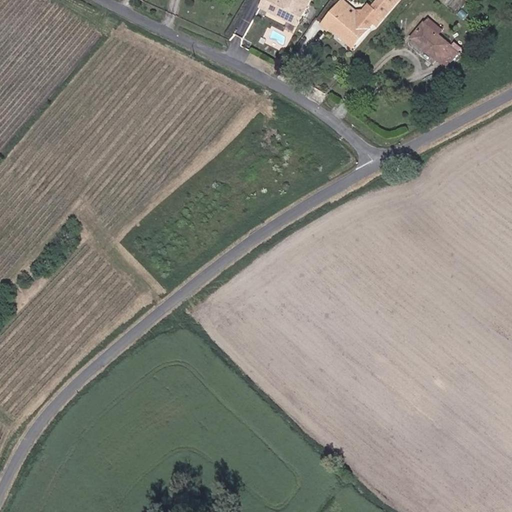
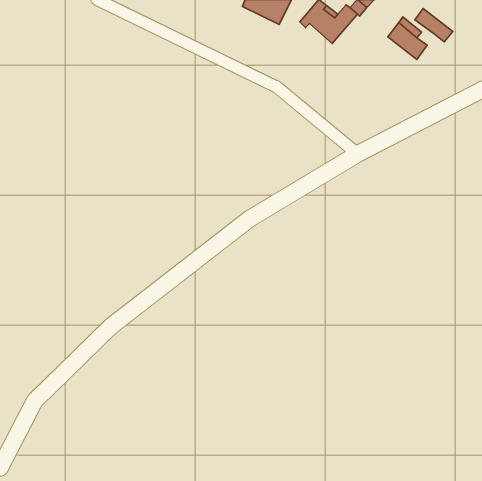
building: none -> [415,8,453,42]

